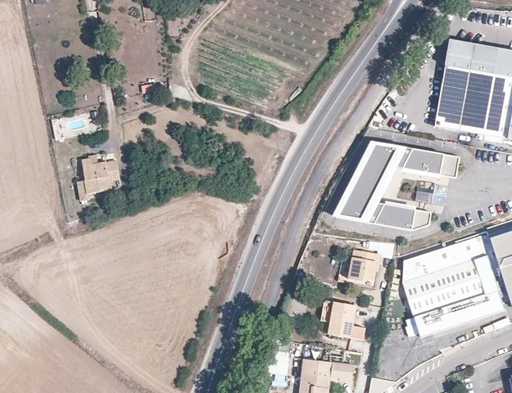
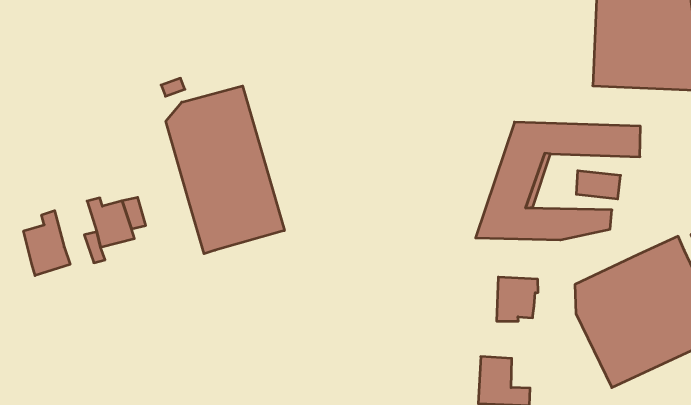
building: none -> [166,86,284,254]
building: none -> [24,211,70,276]

